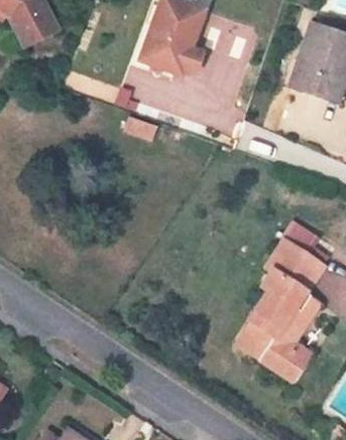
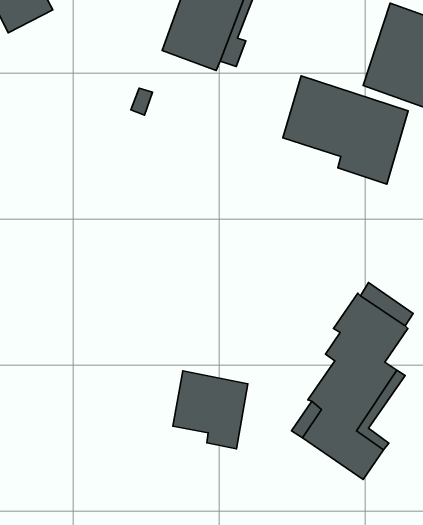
building: none -> [283,76,408,184]
building: none -> [173,371,248,449]

